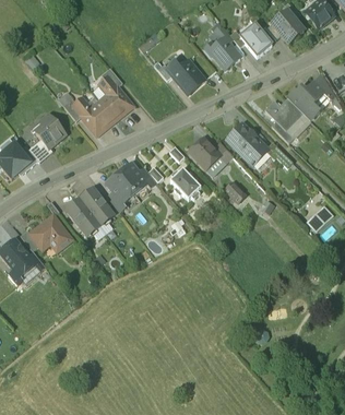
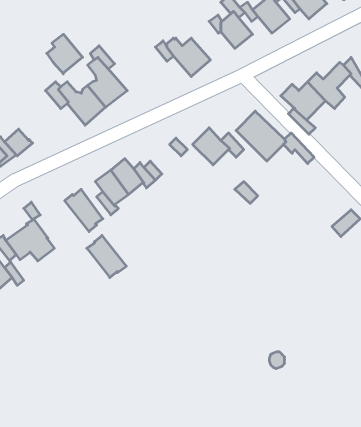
building: [35,114,66,147] -> [47,34,83,74]
building: [170,167,201,199] -> none
building: [67,199,100,235] -> [87,235,126,278]

